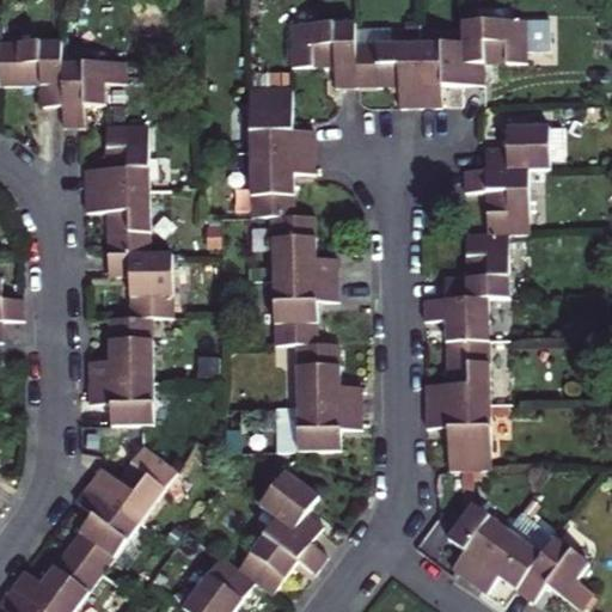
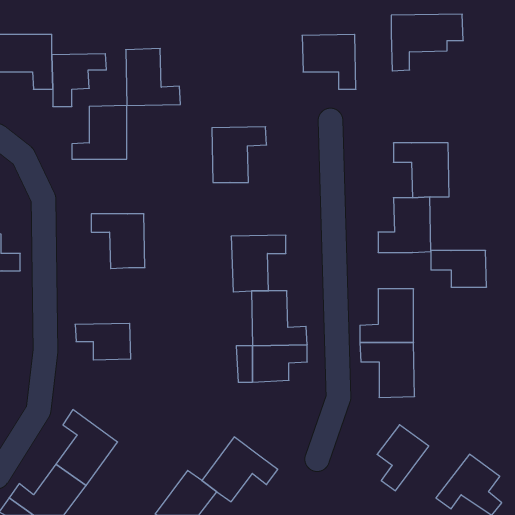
building: [288,20,357,85] -> none
building: [418,39,463,105] -> none
building: [249,84,313,151] -> [126,49,180,105]
building: [485,123,550,169] -> none
building: [85,188,151,252] -> none
building: [271,215,337,279] -> none
building: [422,298,488,341] -> [431,251,487,287]
building: [87,316,153,382] -> none
building: [86,443,177,521] -> none
building: [259,469,323,540] -> none
building: [466,509,553,592] -> none

